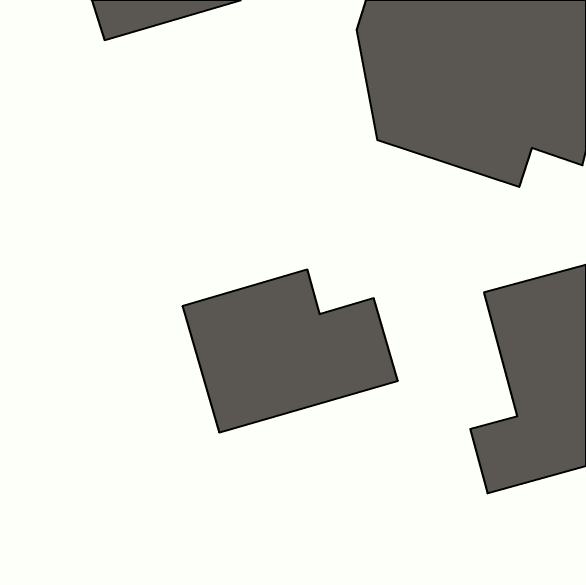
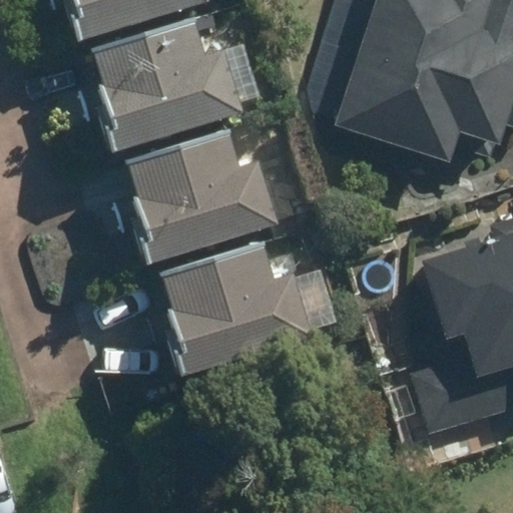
building: none -> [94,8,247,146]
building: none -> [127,127,280,259]

